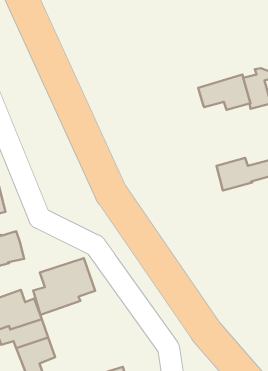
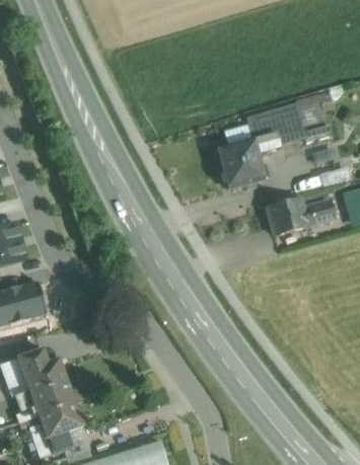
building: none -> [218,135,280,188]
building: [33,258,95,315] -> none

